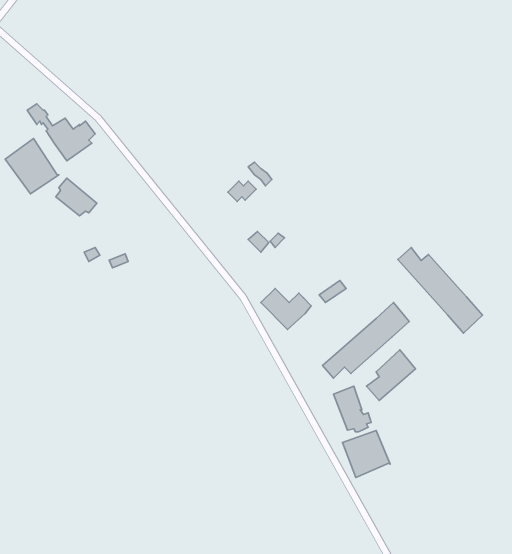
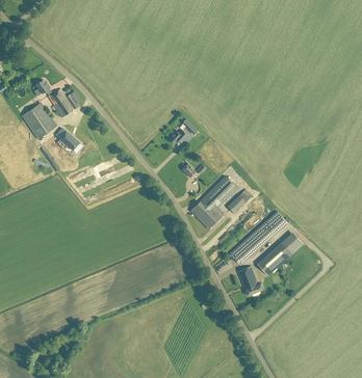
building: [398,248,482,333] -> none
building: none -> [200,176,237,211]
building: [343,430,390,478] -> none

